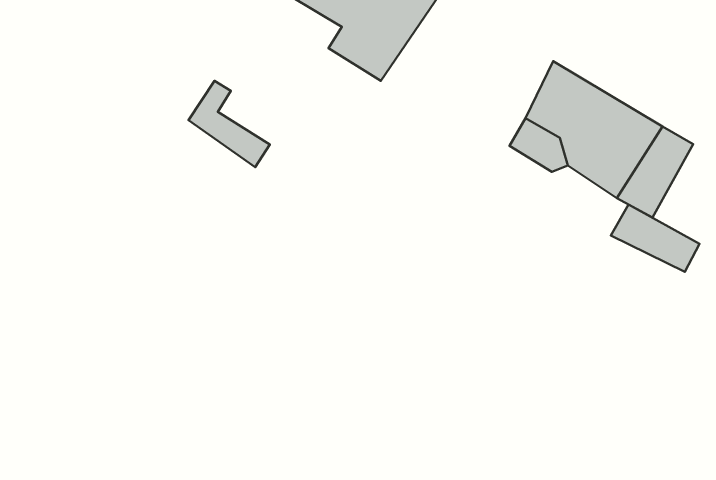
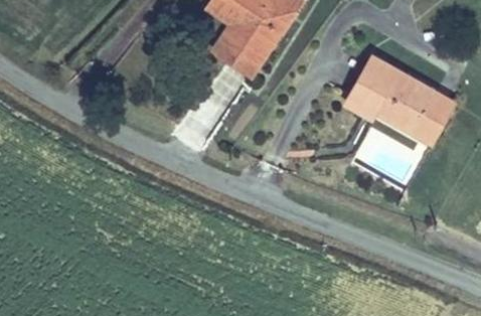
building: [189,81,270,167] -> [212,23,263,76]
building: [611,204,700,272] -> none

